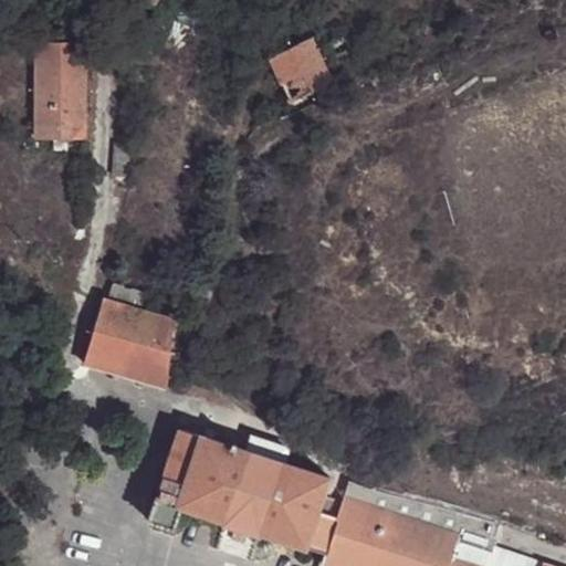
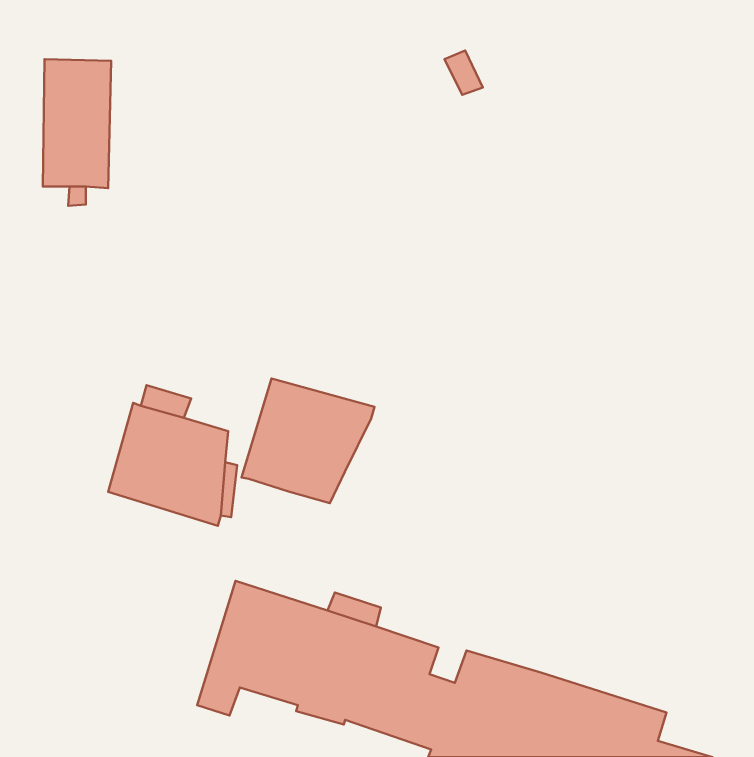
building: [269,34,333,106] -> none
building: none -> [242,379,375,503]

